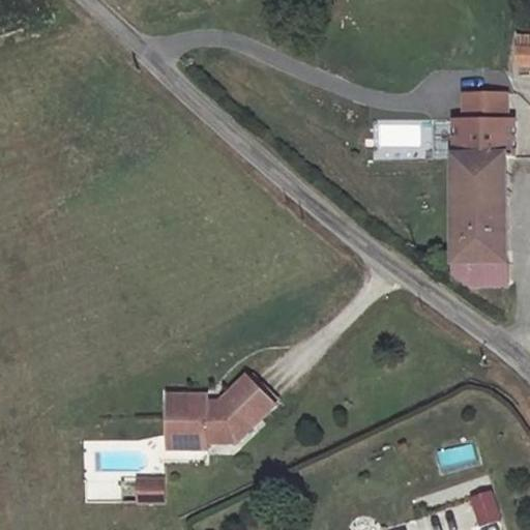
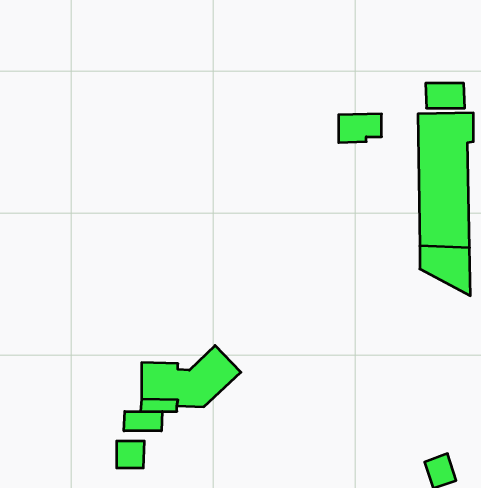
building: none -> [124,411,162,431]

